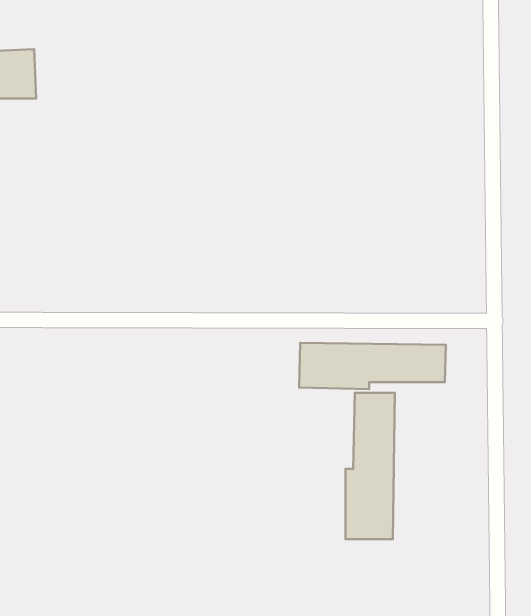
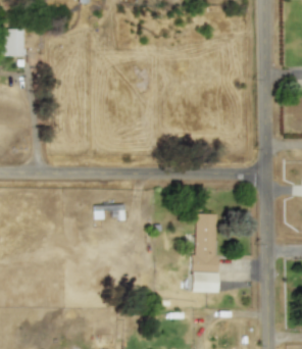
building: [299,343,446,389] -> none

